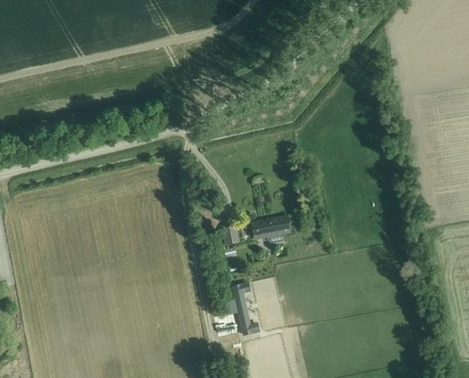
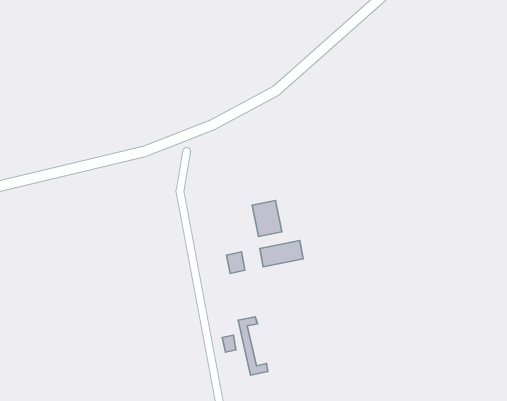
building: none -> [252,200,282,237]

